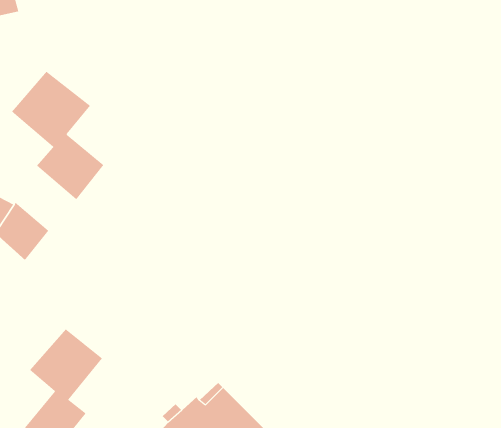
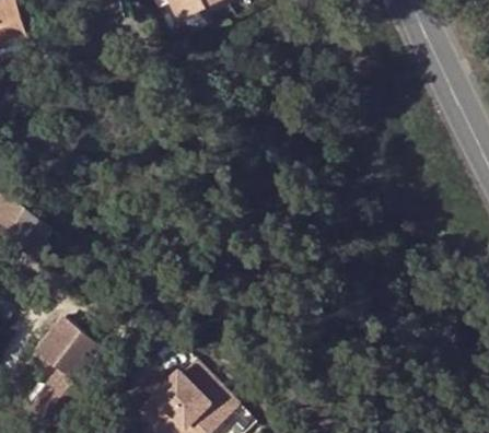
building: [11,71,104,200] -> none

